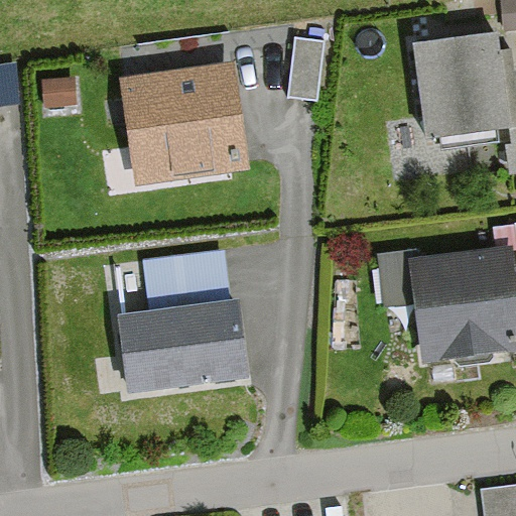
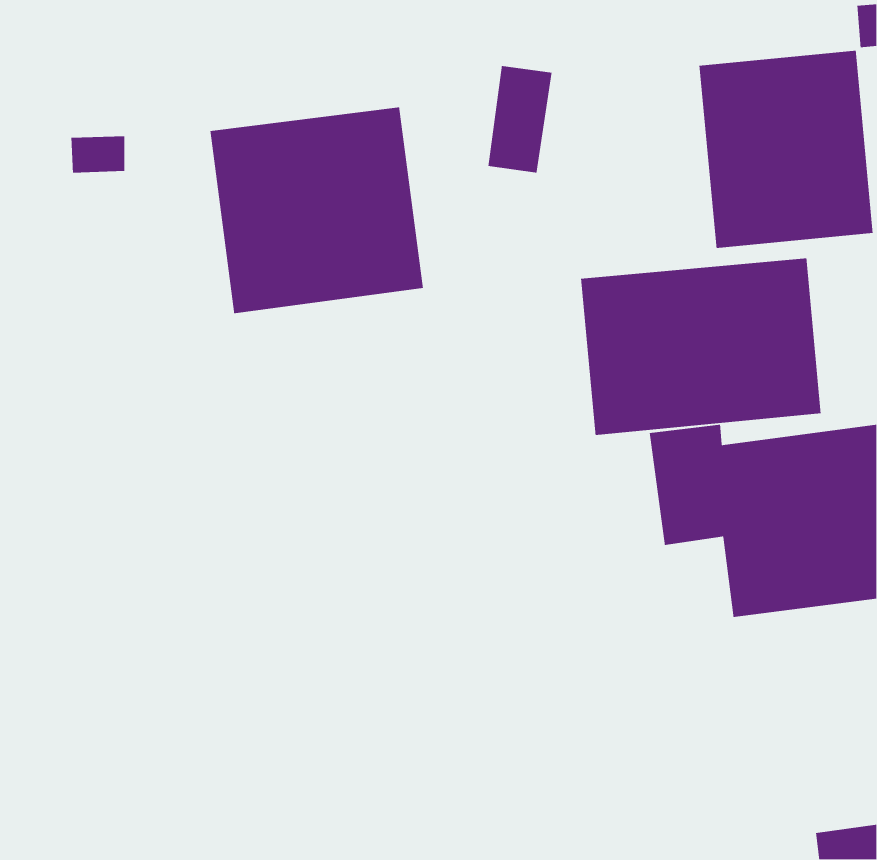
building: none -> [580,258,821,436]
building: [125,252,253,390] -> none

